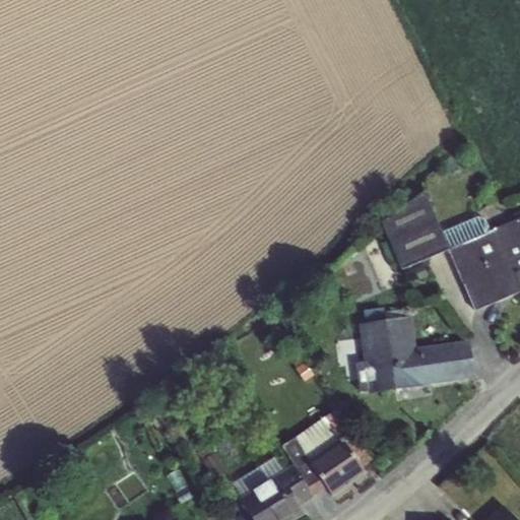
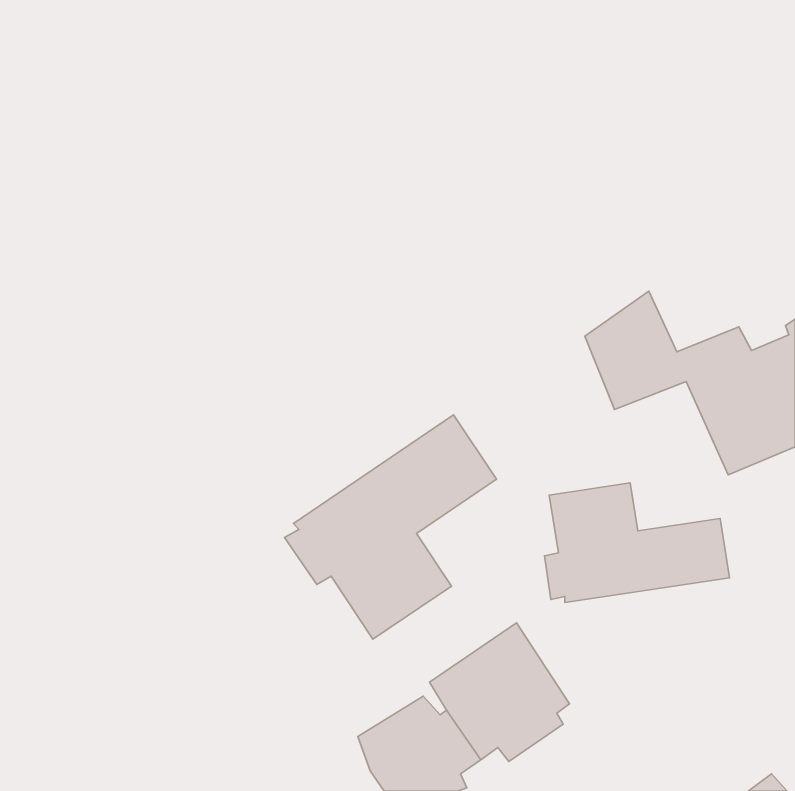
building: none -> [285,415,496,639]

